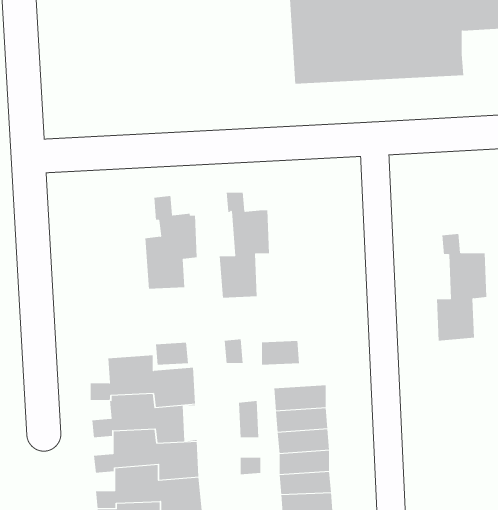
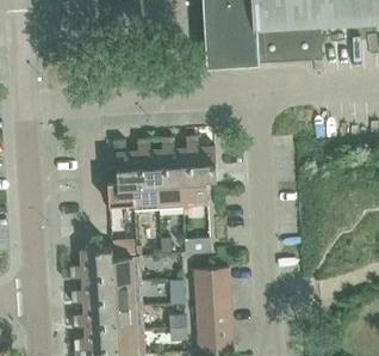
building: none -> [132,139,167,210]
building: [436,233,487,341] -> [181,135,216,208]

